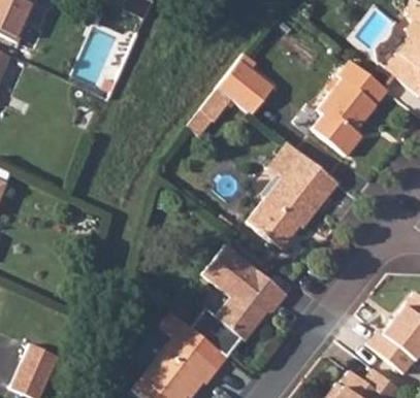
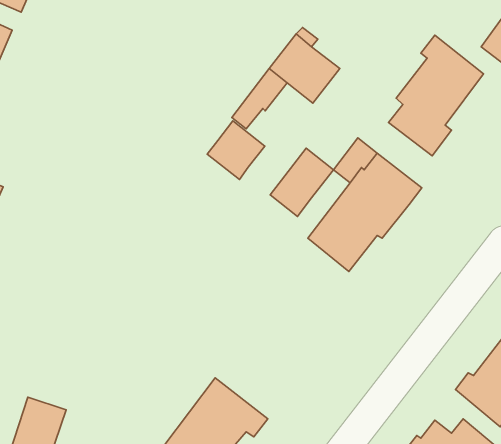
building: none -> [207,121,265,179]
building: none -> [270,148,333,216]
building: [191,245,287,357] -> none

